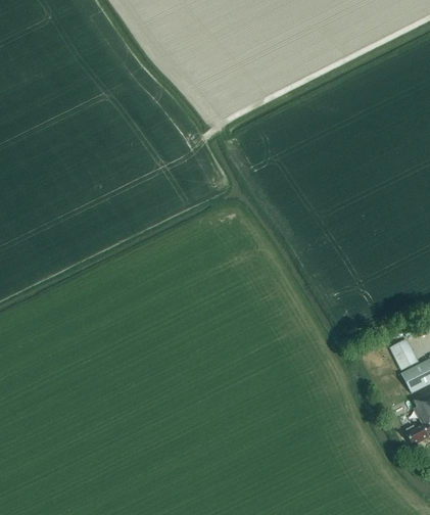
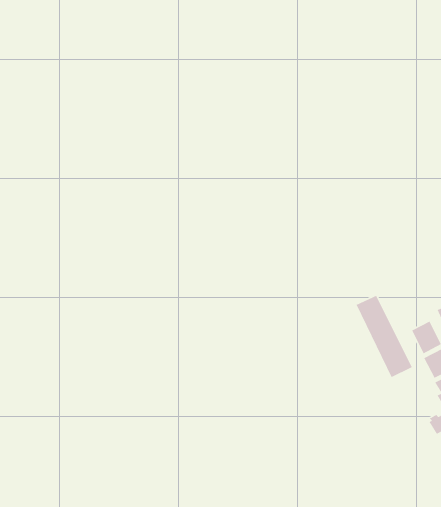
building: none -> [356,295,413,378]

